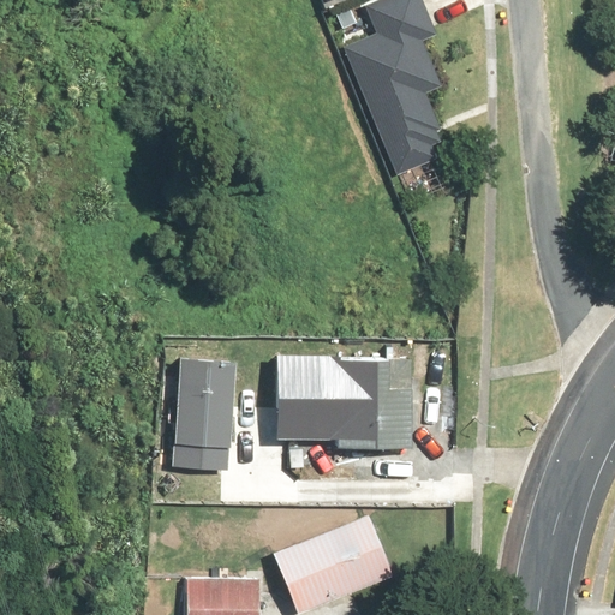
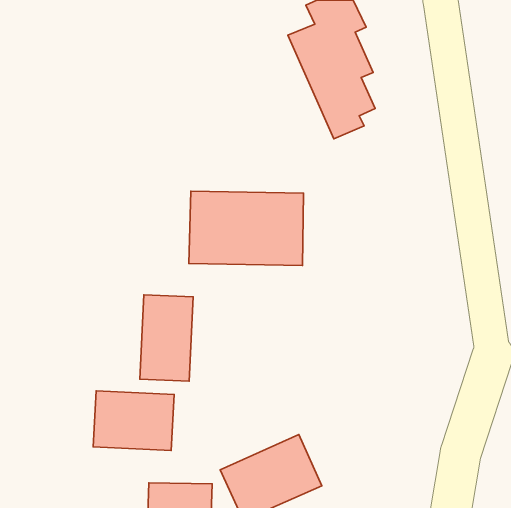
building: [273,352,410,441] -> [189,191,303,265]
building: none -> [93,391,174,450]

